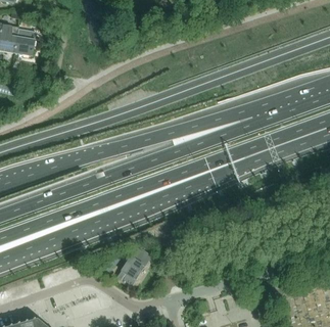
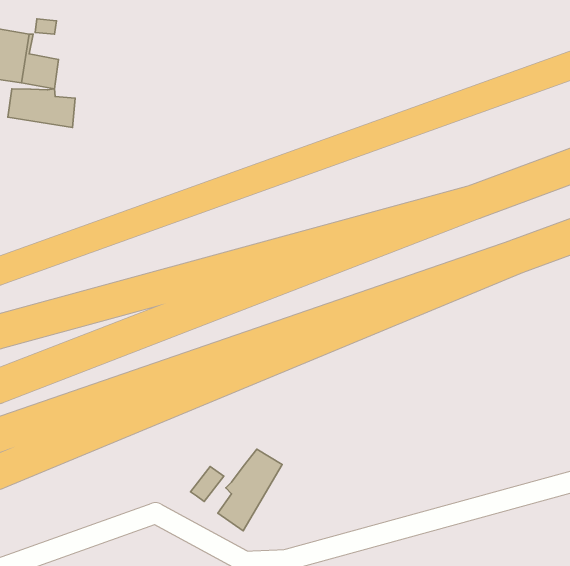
building: none -> [8,89,75,127]

